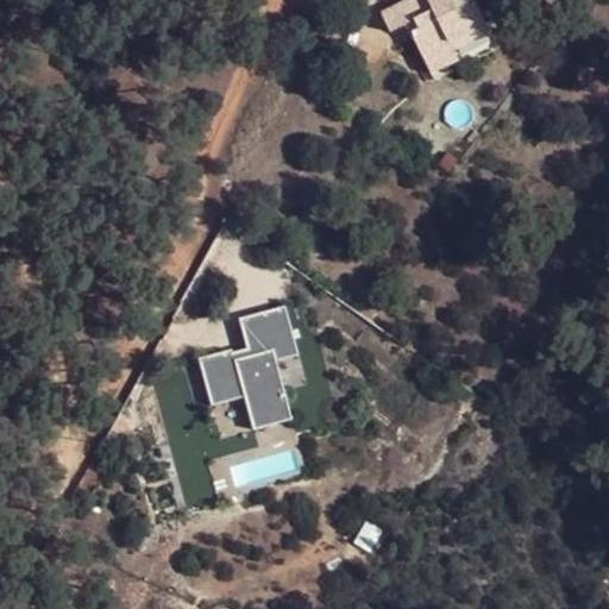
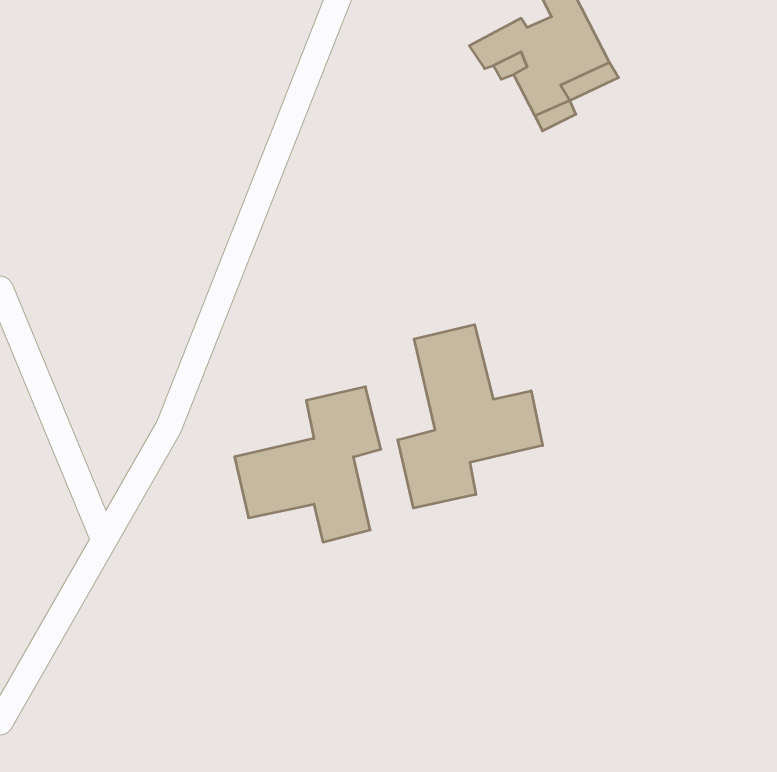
building: none -> [398,325,543,508]

